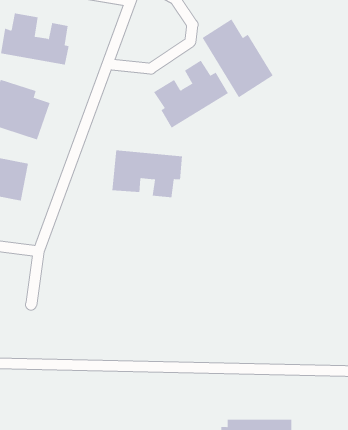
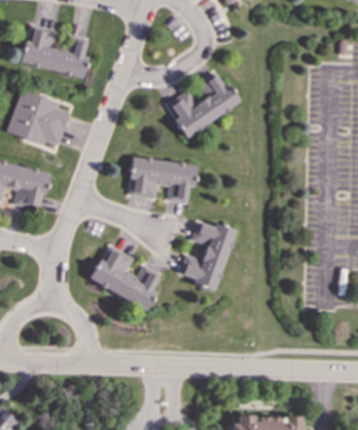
building: [202,19,274,98] -> none
building: none -> [179,222,236,292]
building: none -> [88,245,160,312]

